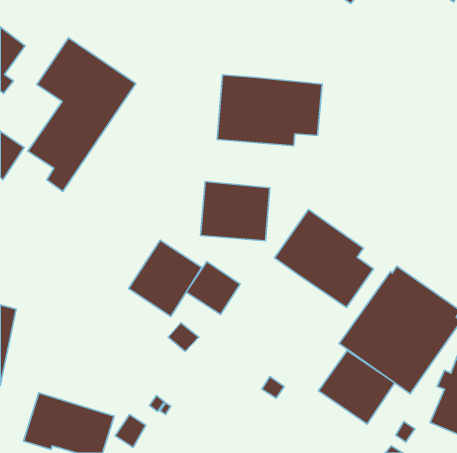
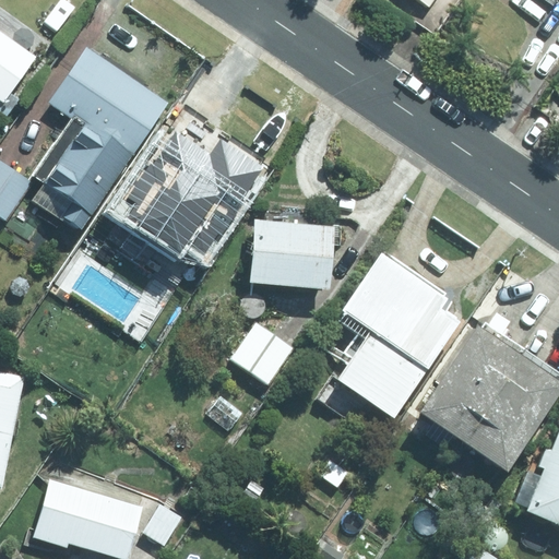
building: [217,75,322,146] -> none
building: none -> [112,133,261,253]
building: [128,240,202,316] -> none
building: [319,351,395,424] -> [331,334,424,424]

